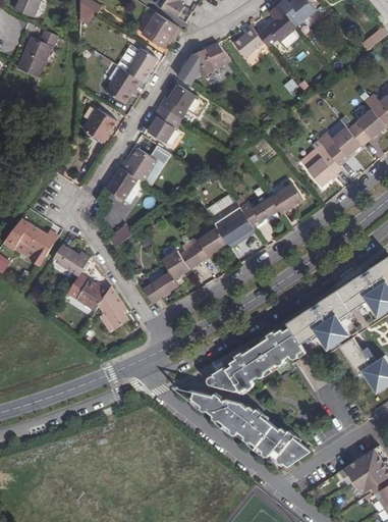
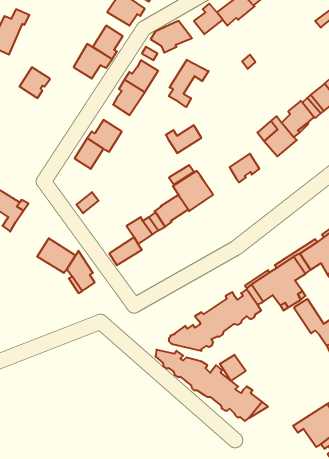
building: none -> [169,60,209,107]
building: [84,109,116,142] -> [19,67,50,98]
building: [239,197,277,226] -> [166,125,201,153]
building: [53,245,89,275] -> none
building: none -> [220,355,246,381]

